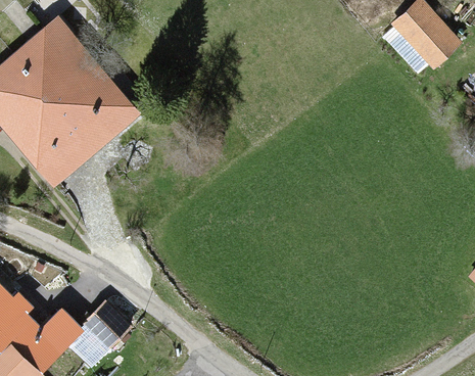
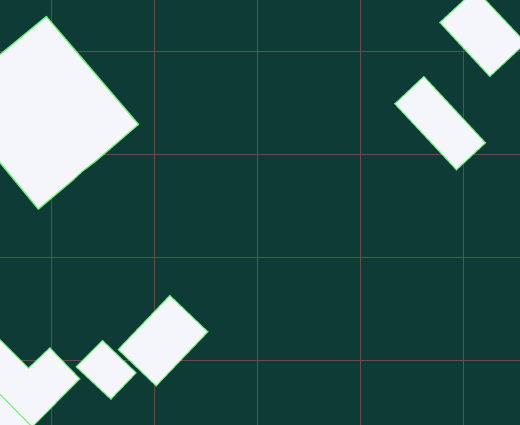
building: none -> [395,77,486,170]
building: none -> [118,295,208,386]

